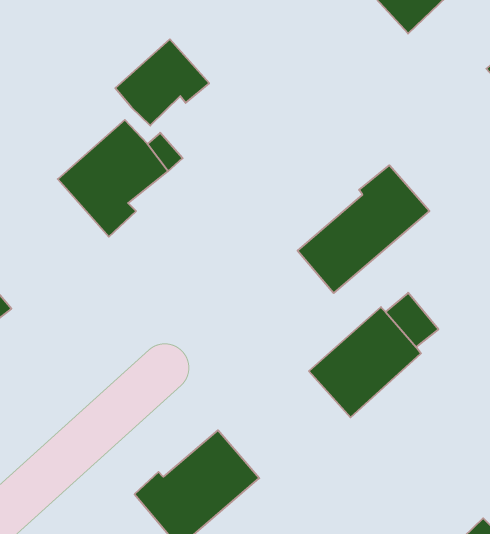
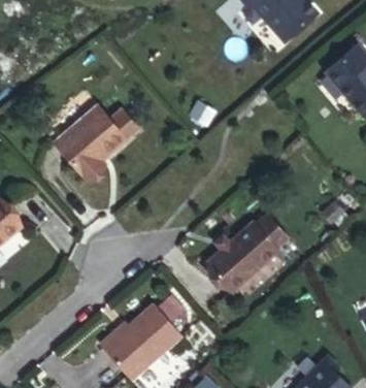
building: [115,39,209,126] -> none
building: [298,165,429,293] -> none

